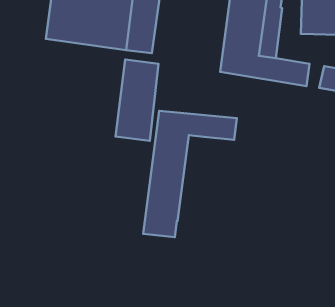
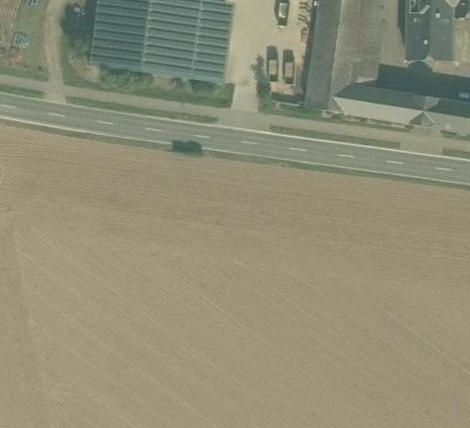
building: [115,60,158,141] -> none
building: none -> [414,95,436,125]
building: [143,111,237,237] -> none

